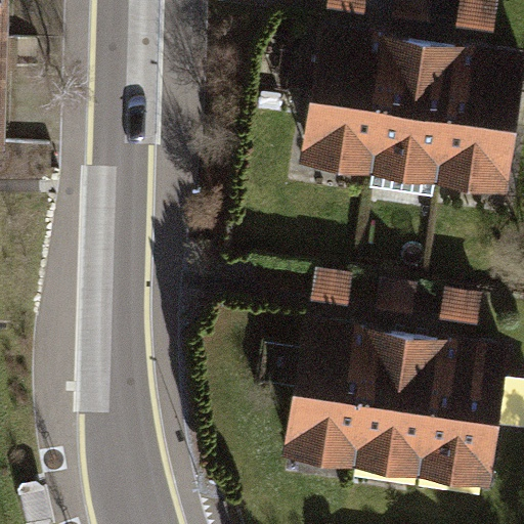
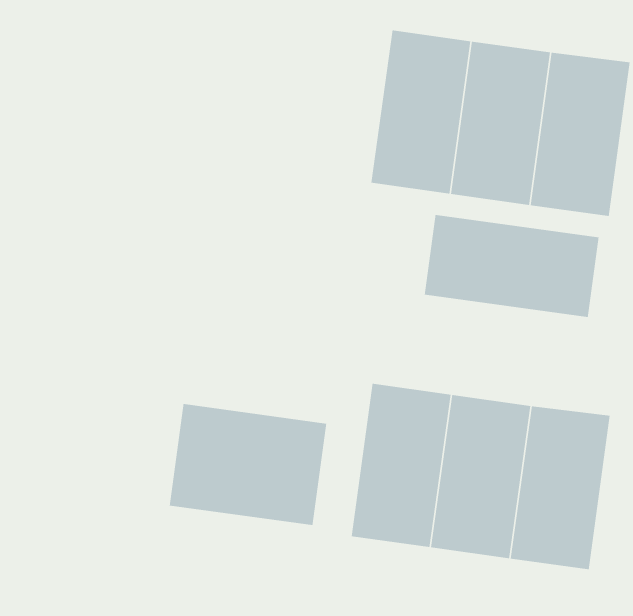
building: none -> [424,214,599,318]
building: none -> [169,403,327,526]

